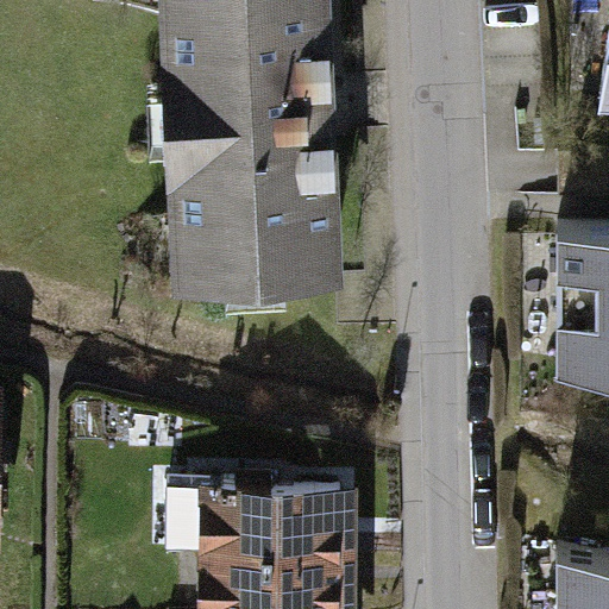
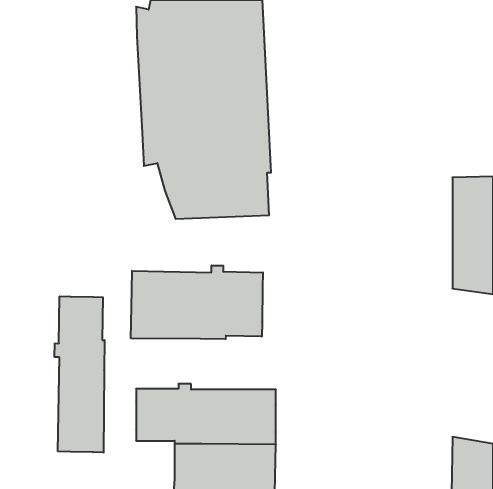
building: none -> [131,265,263,339]
building: none -> [55,296,105,453]

